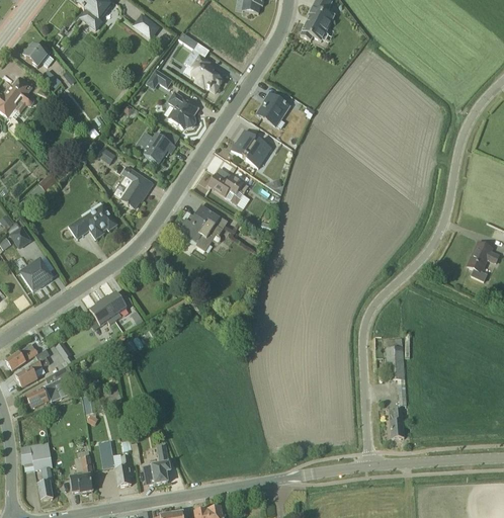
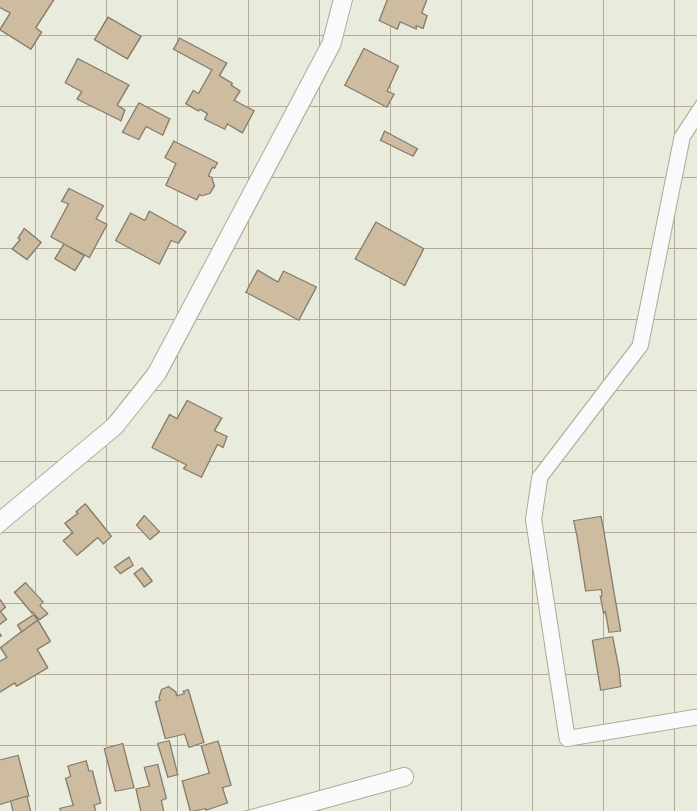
building: none -> [65,59,129,121]
building: [257,92,289,127] -> [345,49,398,107]
building: [231,128,271,167] -> [355,222,424,285]
building: [113,165,147,206] -> [51,188,107,258]
building: [68,202,117,238] -> none
building: [178,204,223,250] -> [152,401,227,477]
building: [102,291,133,319] -> none
building: none -> [155,686,204,747]

